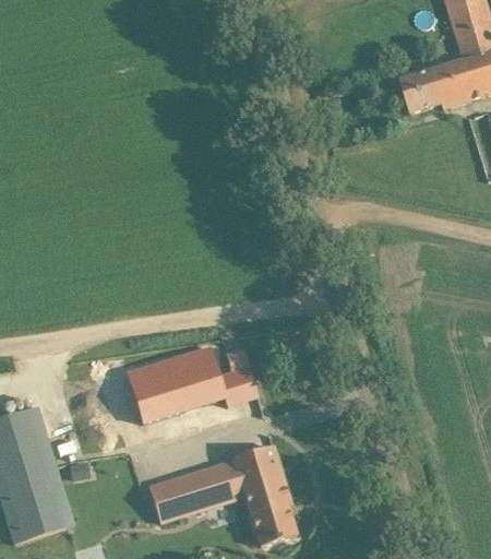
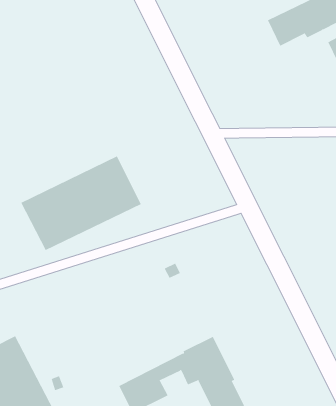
building: none -> [20,155,141,251]
building: [127,347,256,424] -> none

